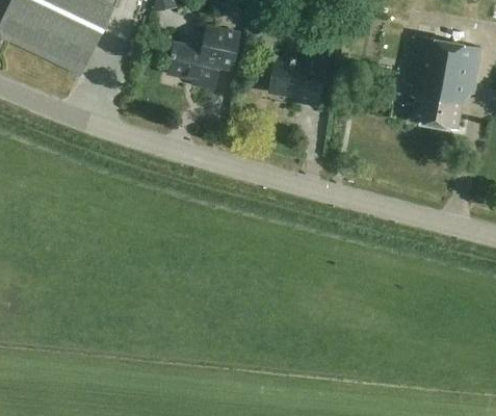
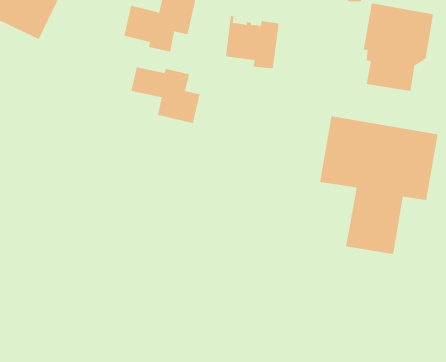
building: none -> [131,66,200,124]
building: none -> [320,116,438,255]

